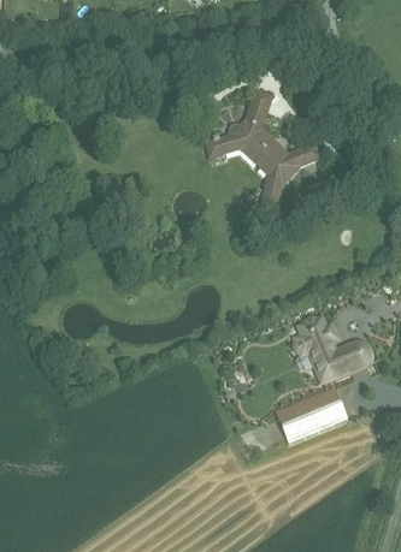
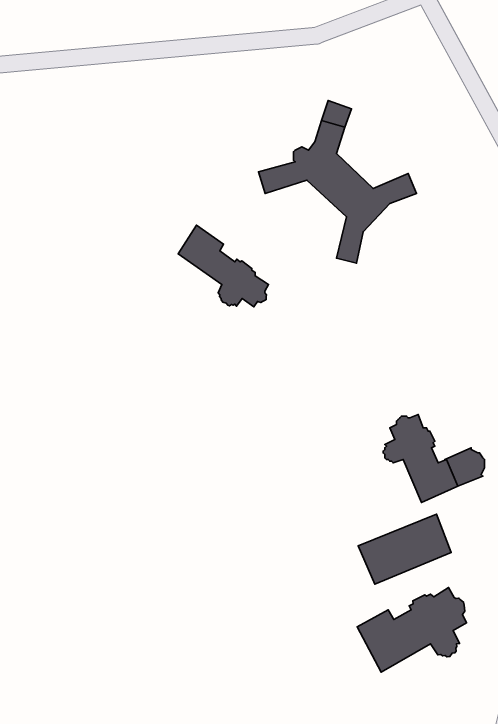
building: none -> [178,225,269,307]
building: none -> [357,587,467,672]

